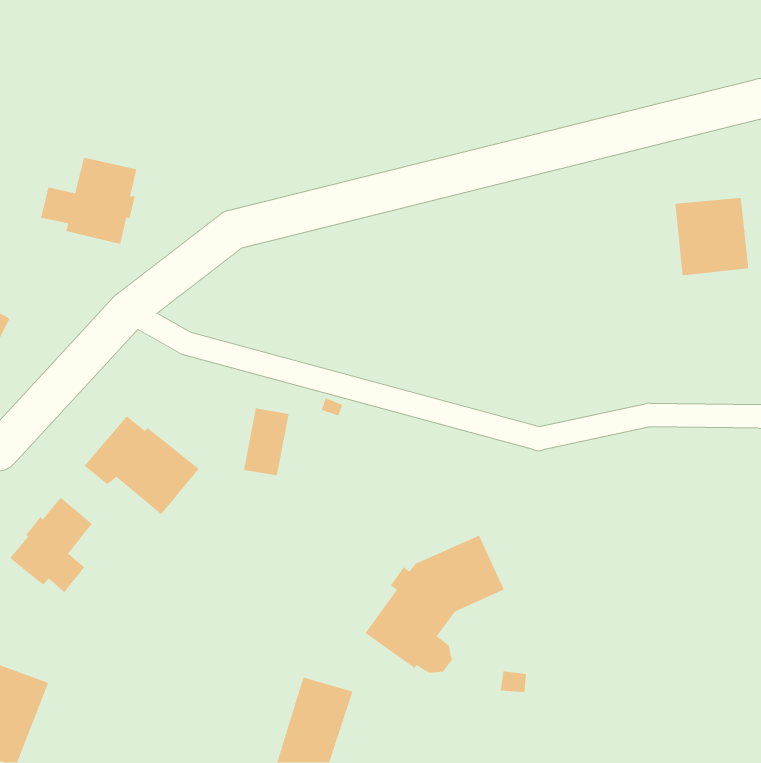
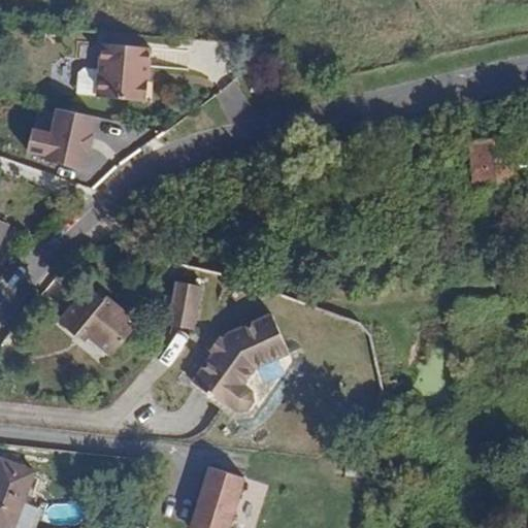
building: none -> [76,45,150,102]
building: [9,497,93,593] -> none
building: [365,535,505,674] -> [192,315,289,410]

